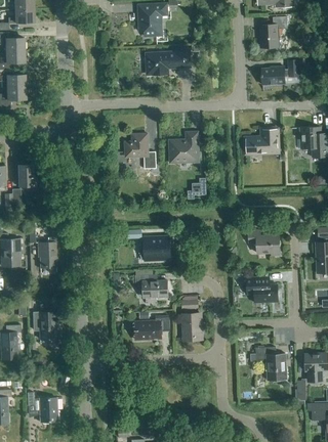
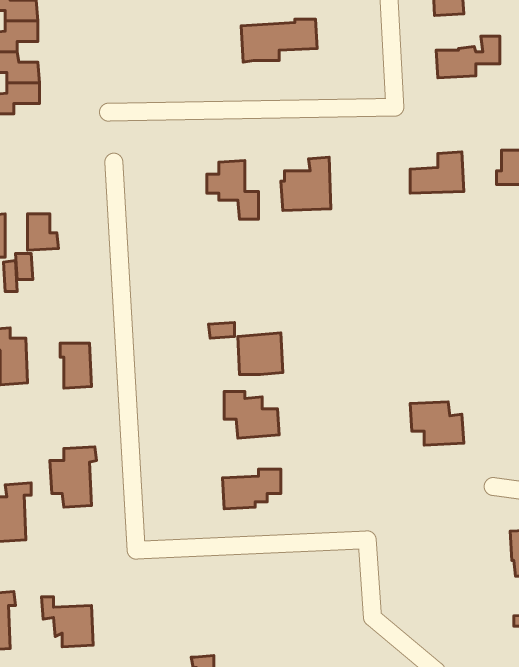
building: [248,230,280,256] -> none
building: [182,314,202,342] -> none
building: [256,347,287,381] -> none

